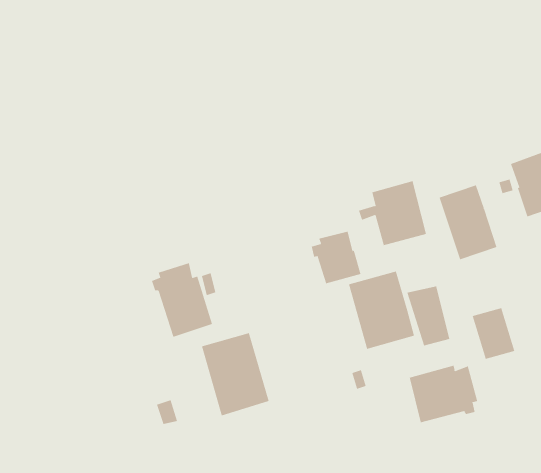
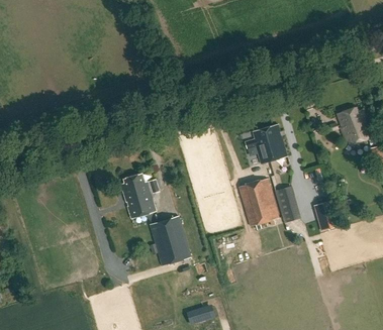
building: [439,185,497,260] -> none
building: [311,231,361,284] -> none
building: [409,365,478,423] -> none

